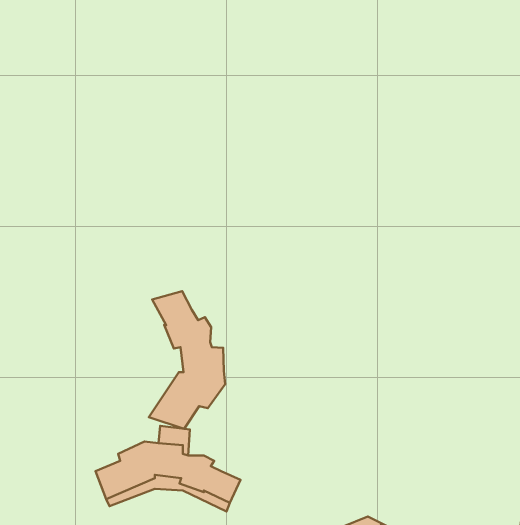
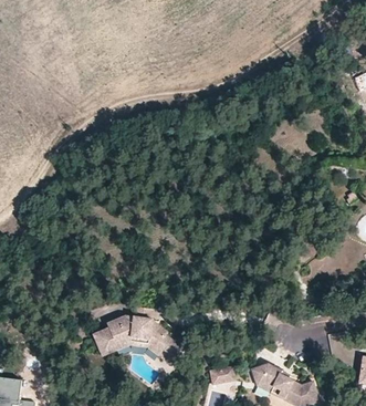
building: [149,291,225,429] -> none

